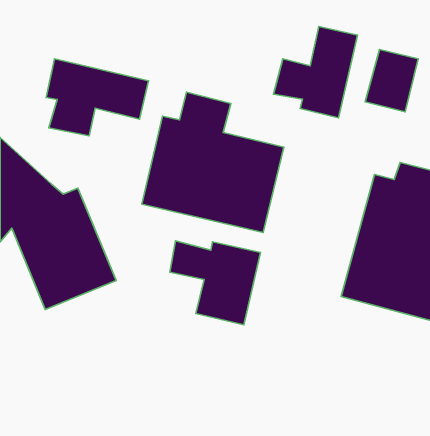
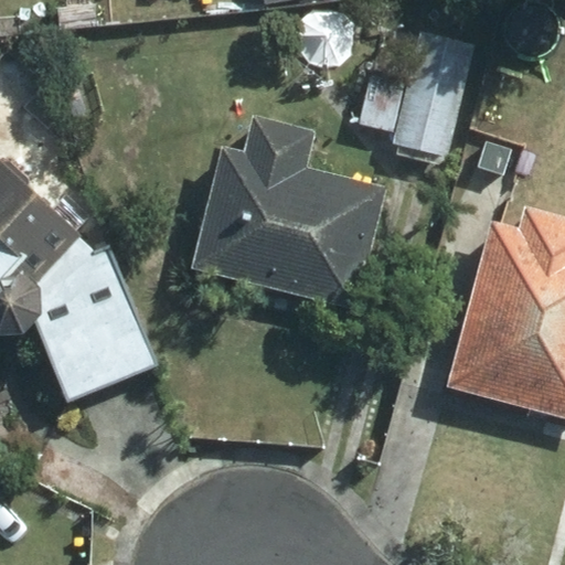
building: [46,59,149,136] -> none
building: [170,241,261,325] -> none

